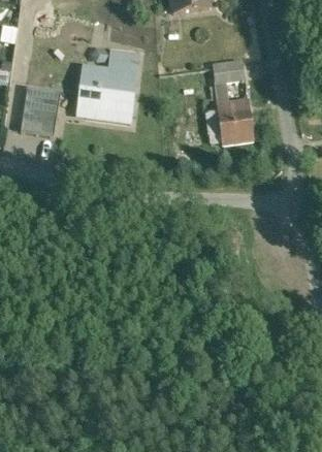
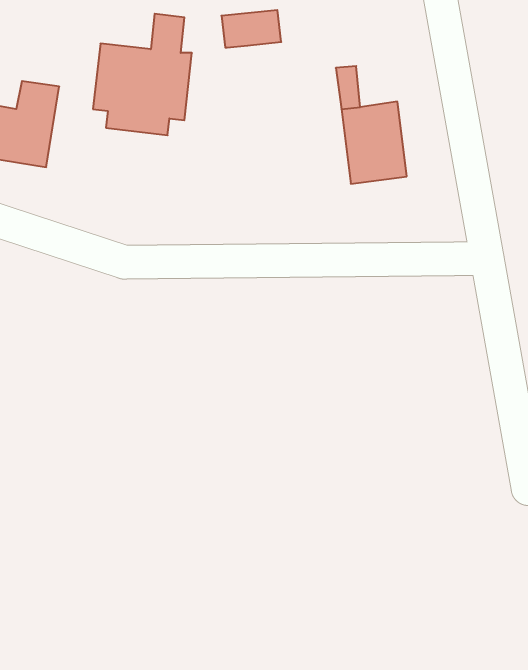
building: [211,60,244,80] -> [221,10,281,48]

